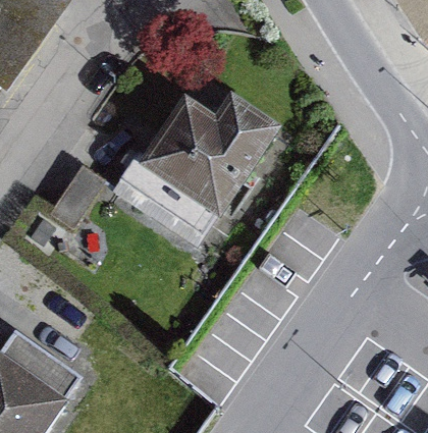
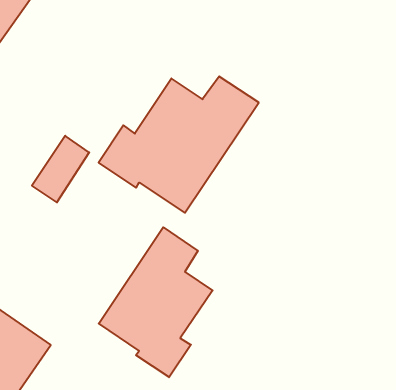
building: none -> [99,227,213,377]

